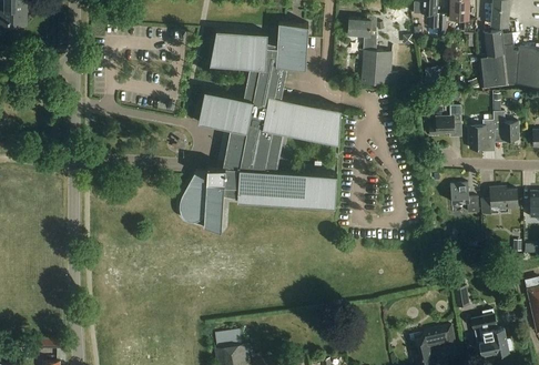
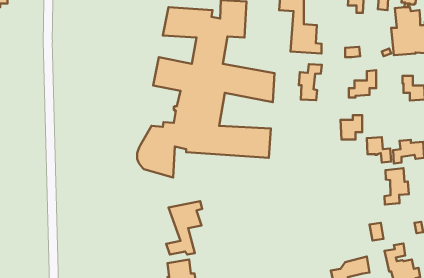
building: none -> [299,64,322,100]
building: [468,121,494,150] -> [341,115,362,140]
building: none -> [384,168,409,205]
building: none -> [166,201,202,255]

